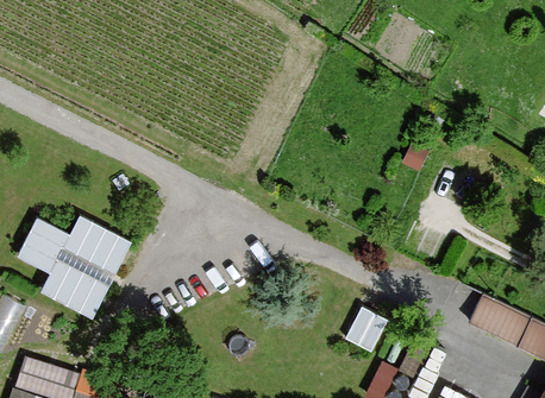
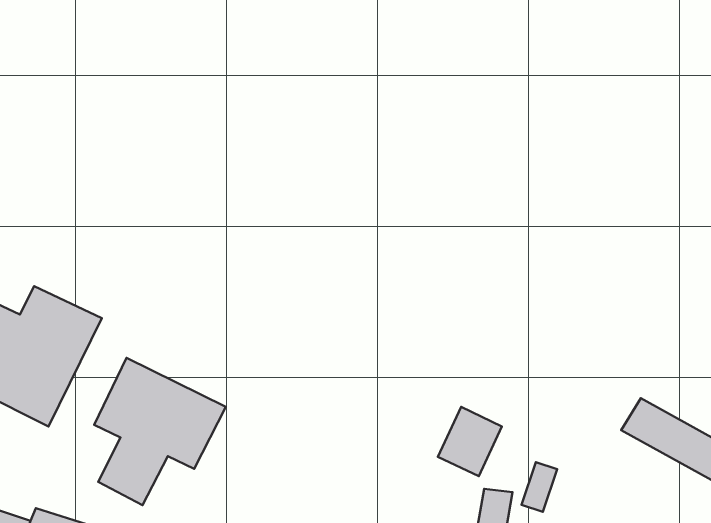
building: none -> [94,358,226,505]

